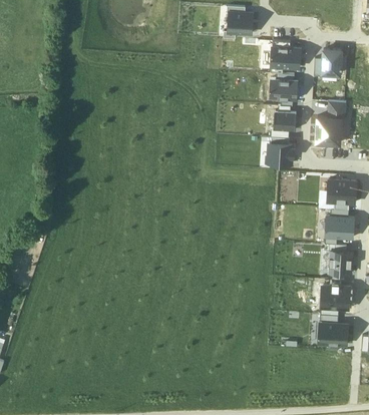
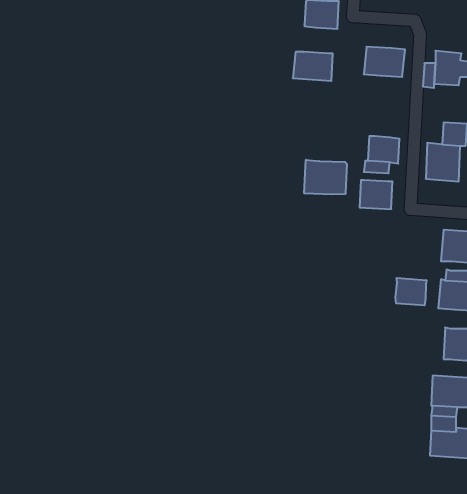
building: [269,79,298,100] -> [293,52,333,81]
building: none -> [304,160,347,194]
building: none -> [395,278,426,305]

